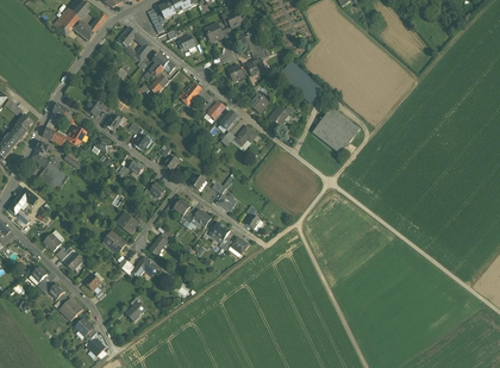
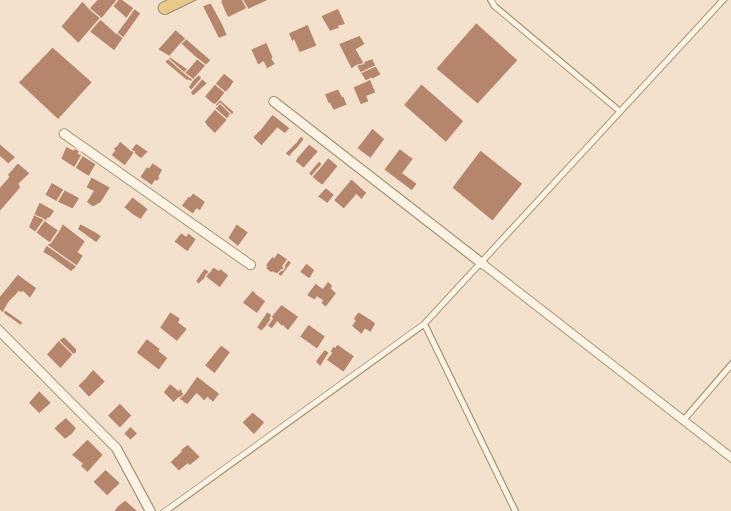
building: none -> [436,23,518,105]
building: none -> [18,47,92,120]

